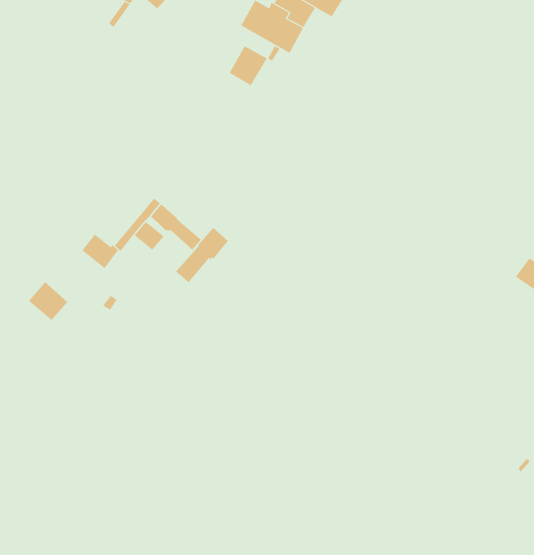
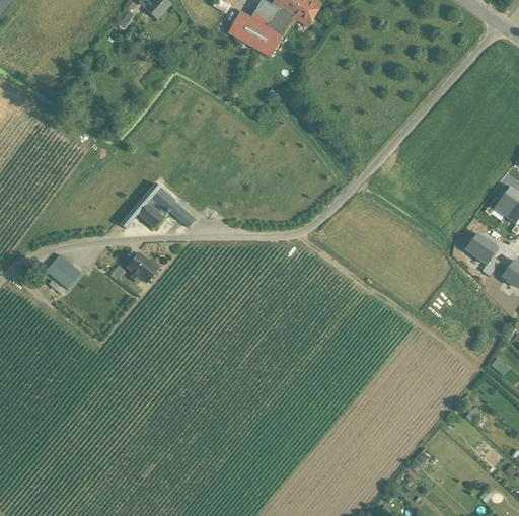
building: [229,46,268,86] -> none
building: [175,227,228,283] -> none
building: [81,234,119,269] -> [126,252,158,283]

